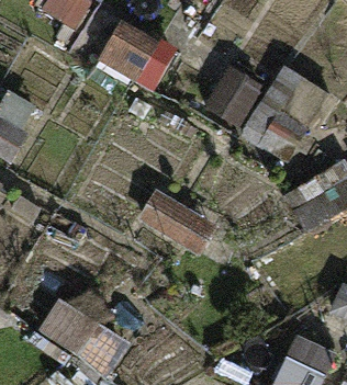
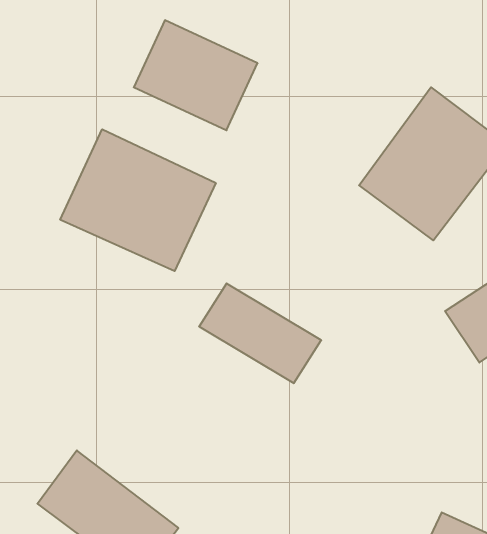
building: none -> [60,129,216,271]

